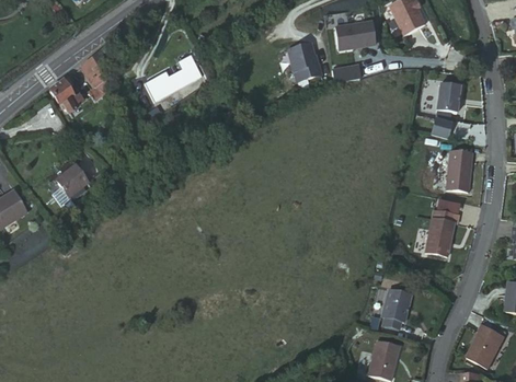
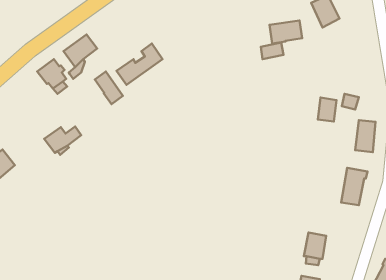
building: [291,49,325,85] -> none
building: [435,82,458,112] -> [318,98,336,121]
building: none -> [95,72,123,104]

